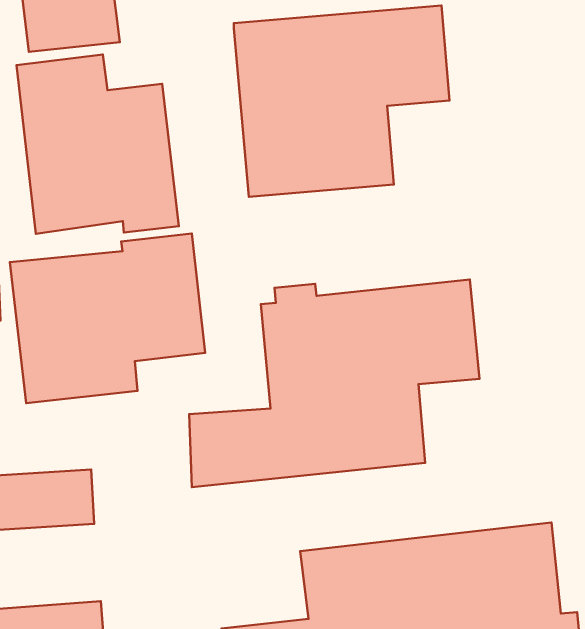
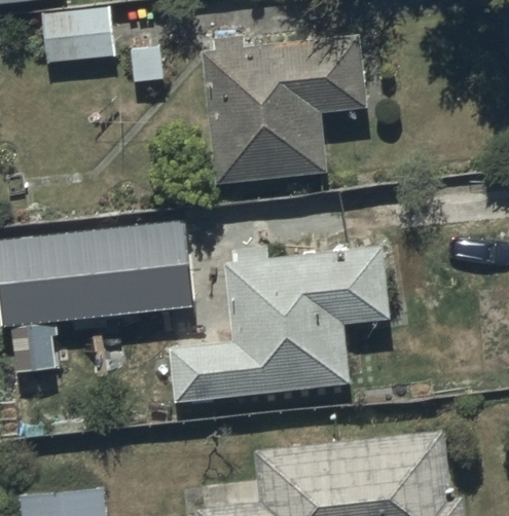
building: [16,55,179,234] -> none

